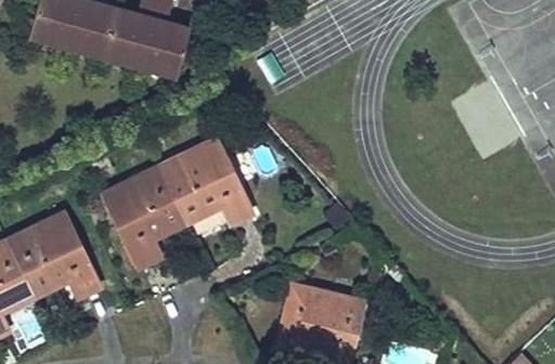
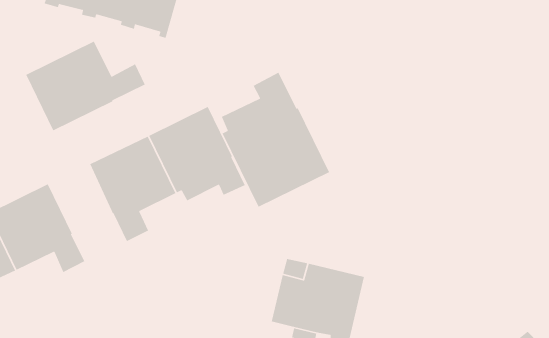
building: none -> [25,40,146,131]
building: none -> [221,71,330,208]

